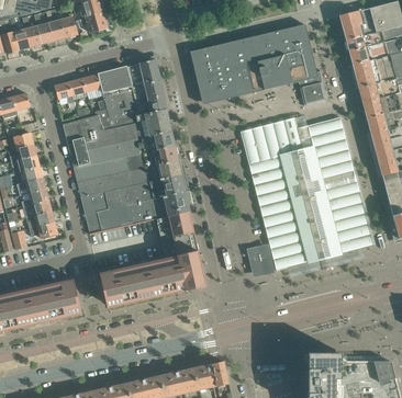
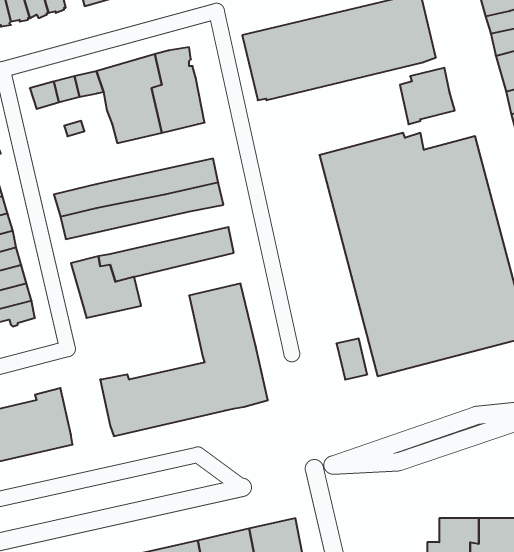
building: [63,107,171,153] -> none
building: [77,160,181,197] -> none
building: [121,191,189,225] -> none

